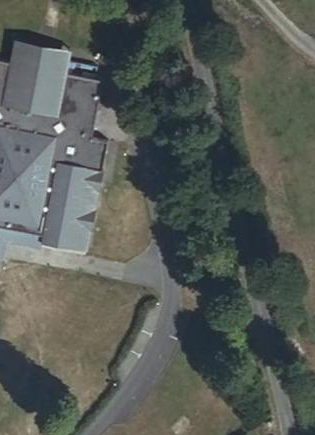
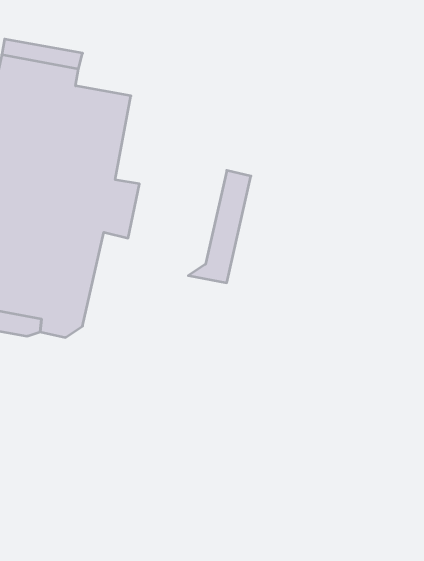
building: [59,174,103,253] -> [188,170,251,283]

